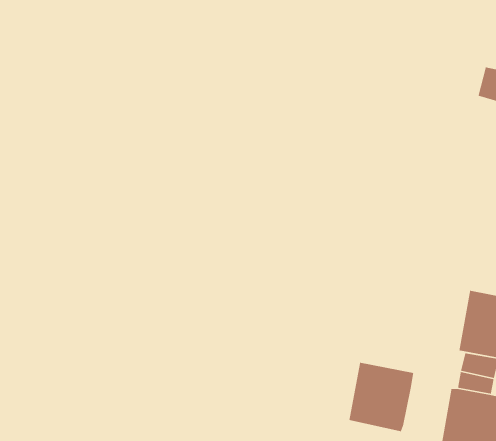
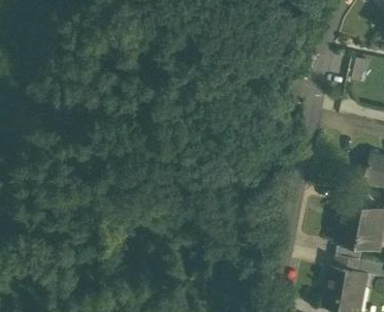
building: [348,362,414,432] -> none

